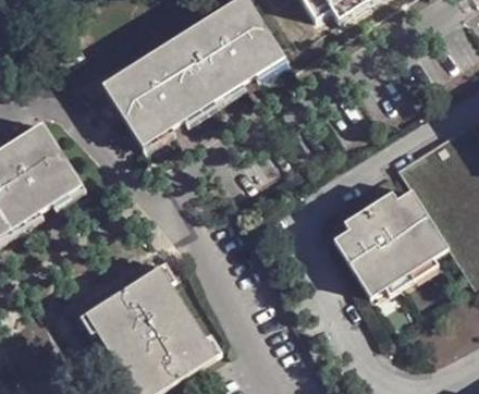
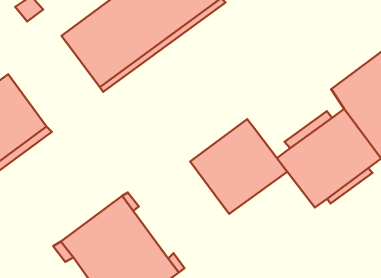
building: none -> [190,119,287,214]

